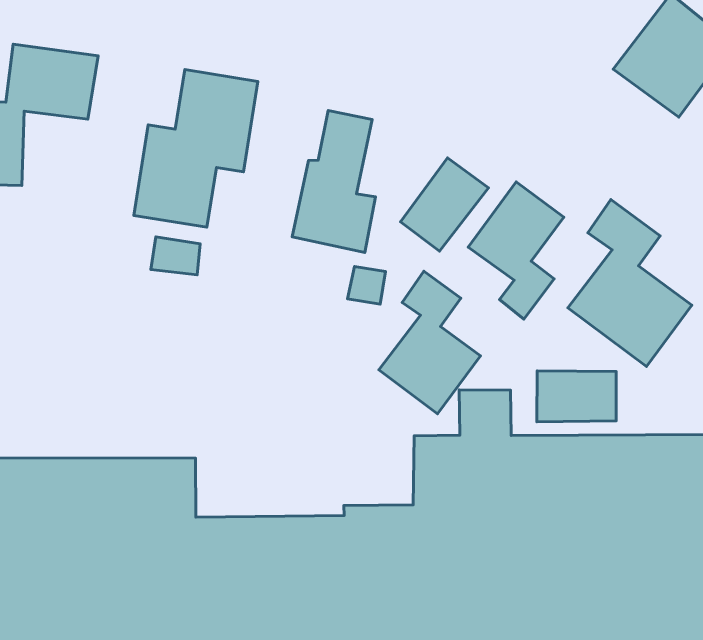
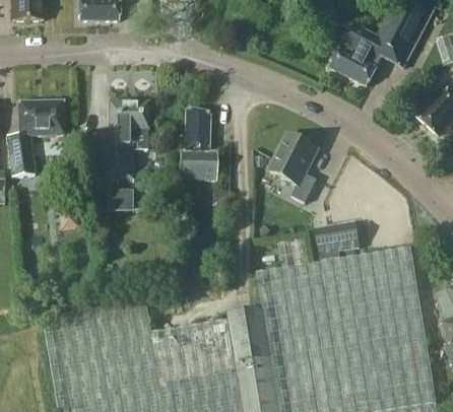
building: [401,158,488,251] -> none
building: [568,199,692,367] -> none
building: [379,271,480,414] -> none

